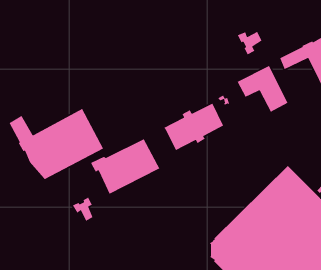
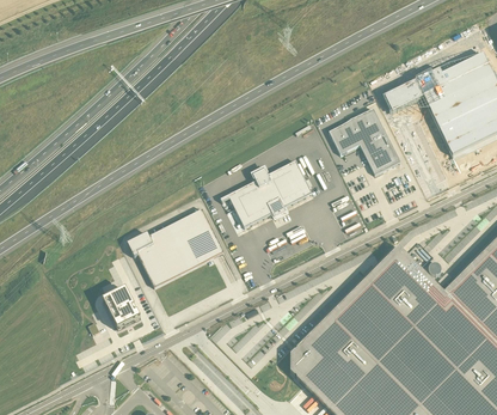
building: [237,31,262,56] -> none
building: [8,108,104,180] -> none

